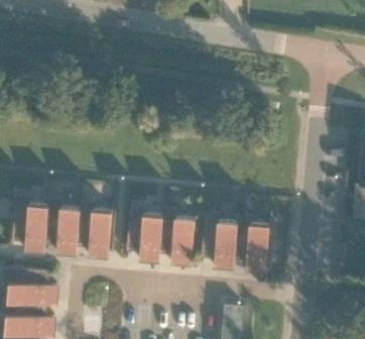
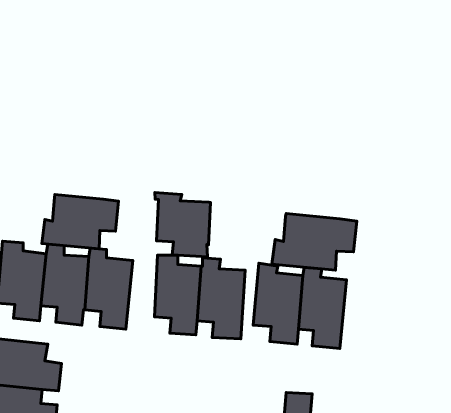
building: none -> [155,192,211,257]
building: none -> [42,194,118,249]
building: none -> [272,214,357,270]

